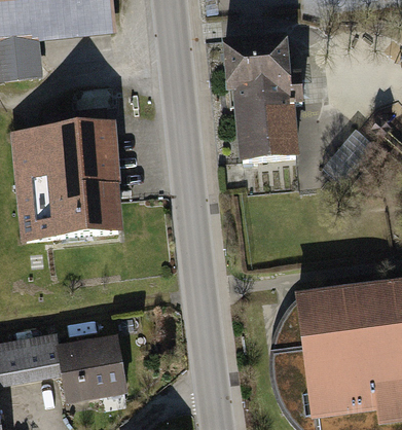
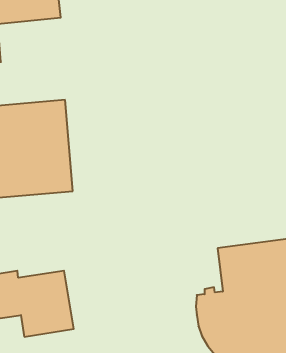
building: [220,38,304,159] -> none

